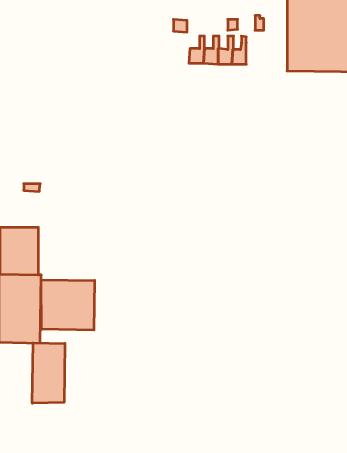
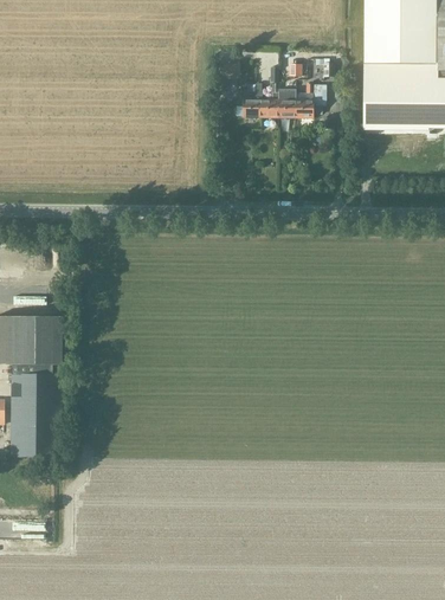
building: [41,280,95,330] -> none
building: [32,343,65,403] -> none

